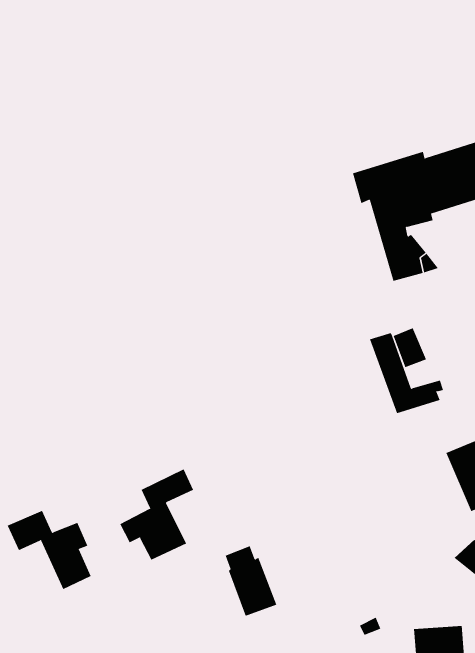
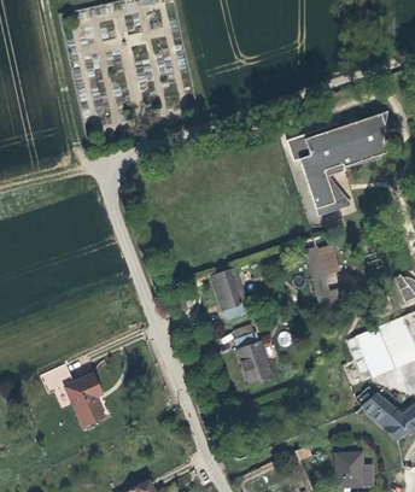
building: none -> [210,269,247,320]
building: [119,468,194,560] -> none
building: [225,545,277,617] -> [235,330,273,381]

